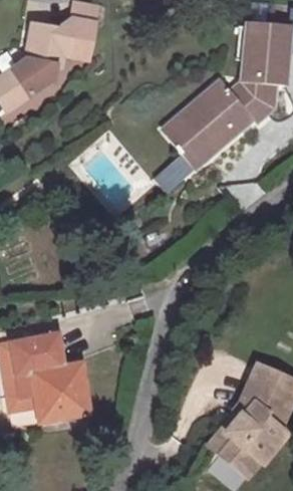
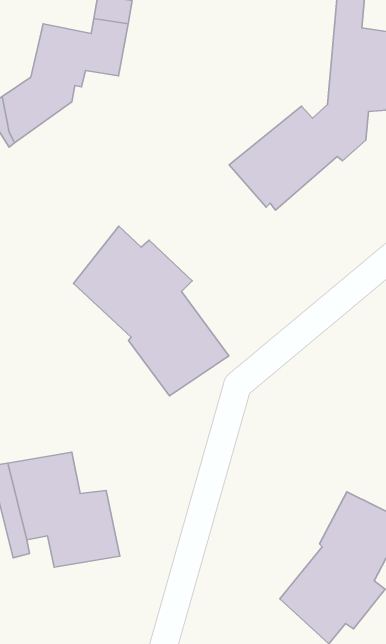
building: [159,126,205,189] -> none
building: none -> [73,226,229,396]

